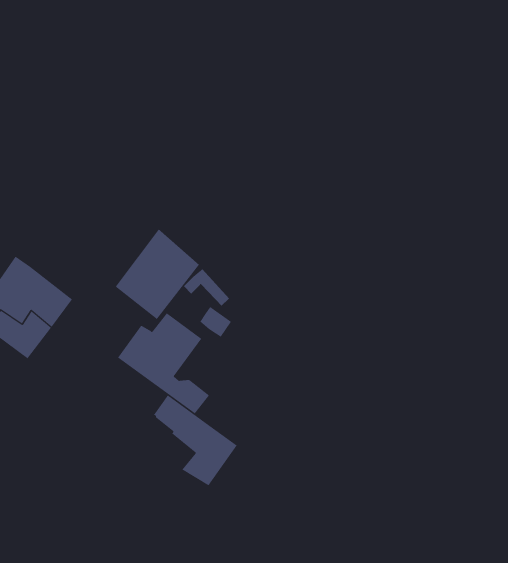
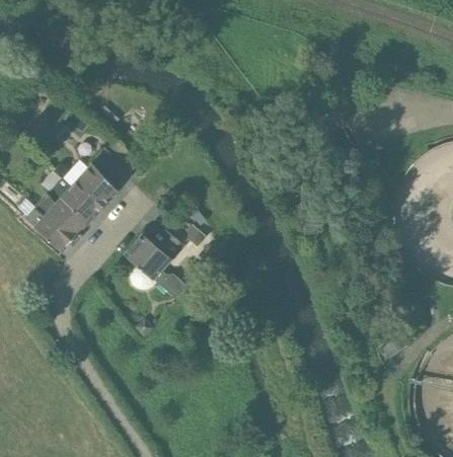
building: [115,229,200,320] -> [69,150,129,213]
building: [153,394,237,486] -> none

